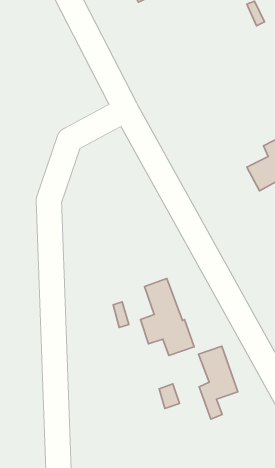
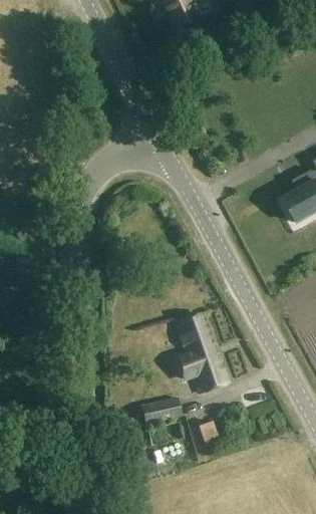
building: [199,346,238,419] -> none
building: none -> [141,396,182,423]

